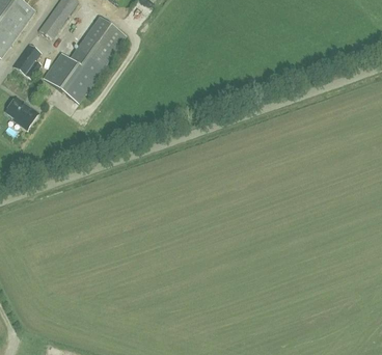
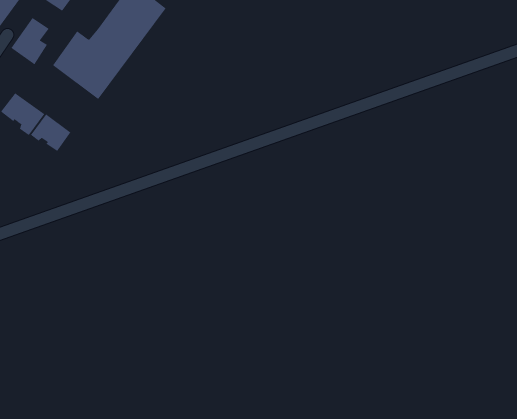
building: none -> [30,113,71,152]

